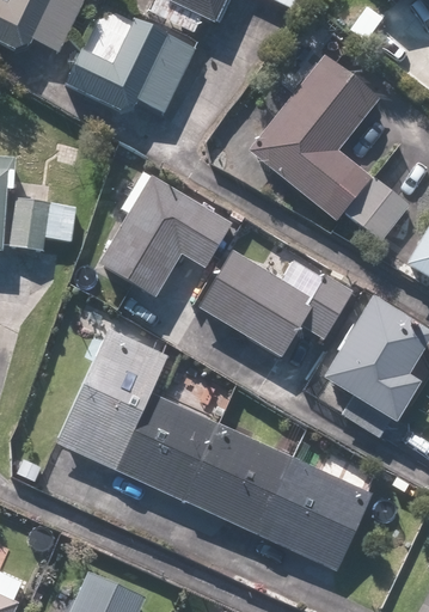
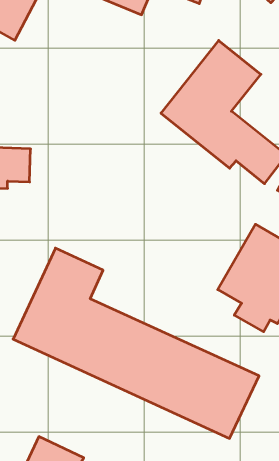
building: [67,17,197,114] -> none
building: [98,170,233,296] -> none
building: [197,249,353,355] -> none

